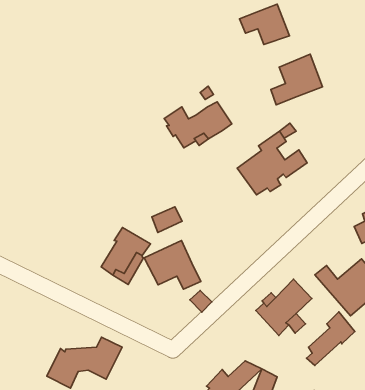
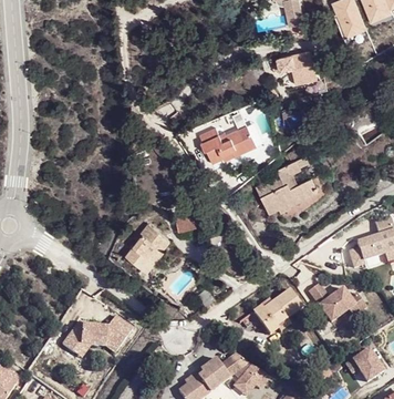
building: [271,54,323,105] -> none
building: [144,240,201,289] -> none
building: [306,312,355,365] -> none

